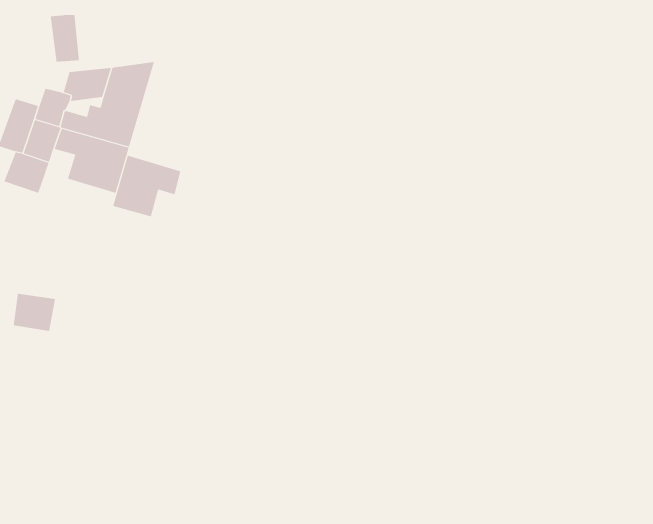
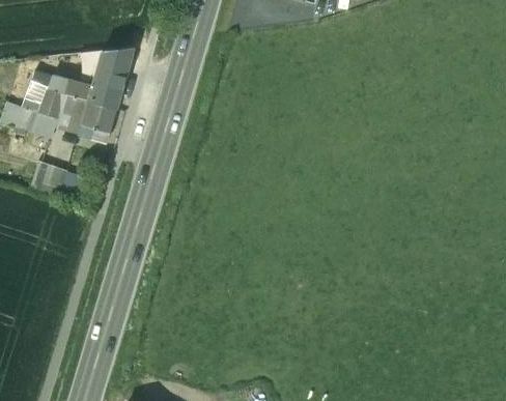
building: [50,14,79,63] -> none
building: [112,155,181,217] -> none
building: [13,293,56,332] -> [33,161,63,188]

